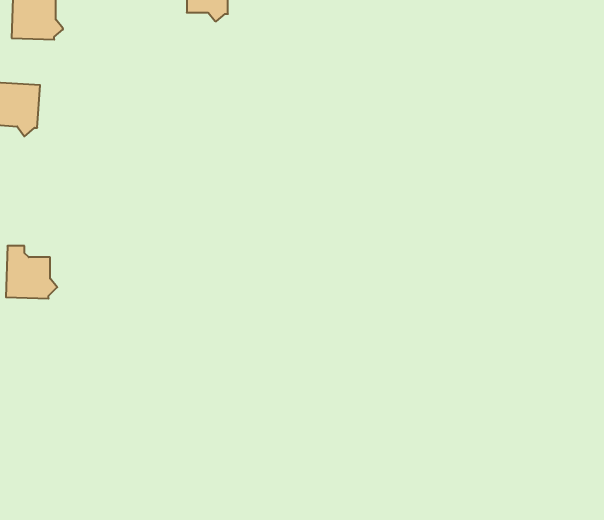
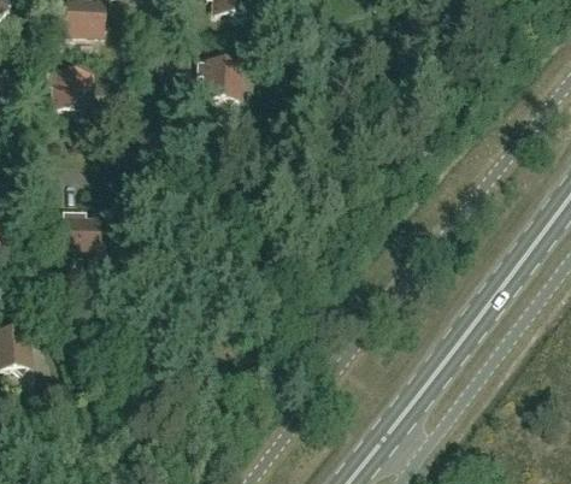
building: none -> [196,59,241,102]

